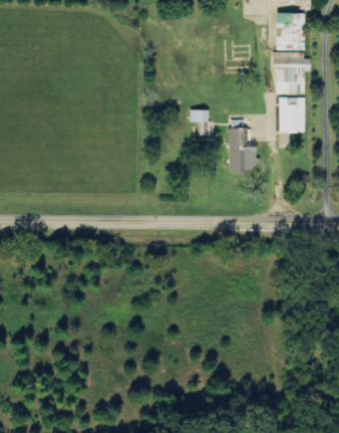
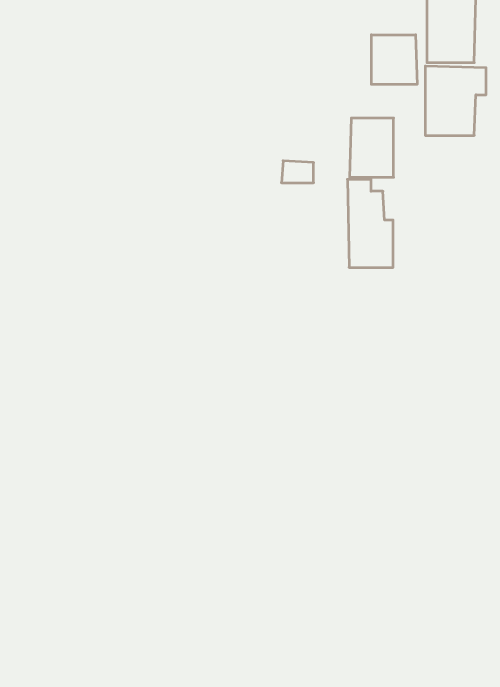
building: none -> [371,35,417,84]
building: [279,97,305,133] -> [350,118,394,177]

